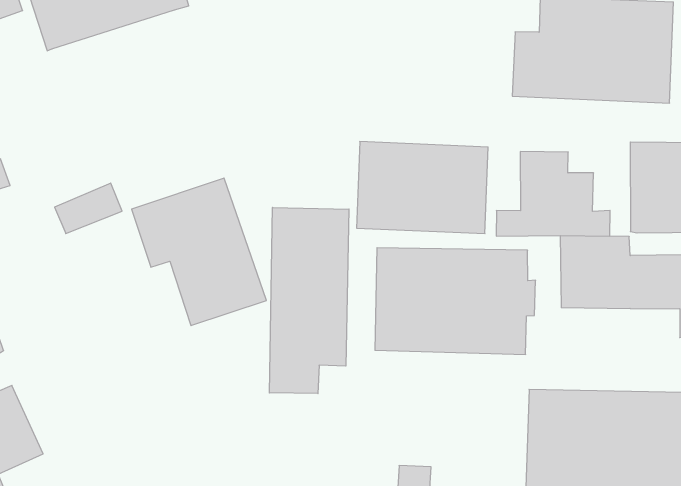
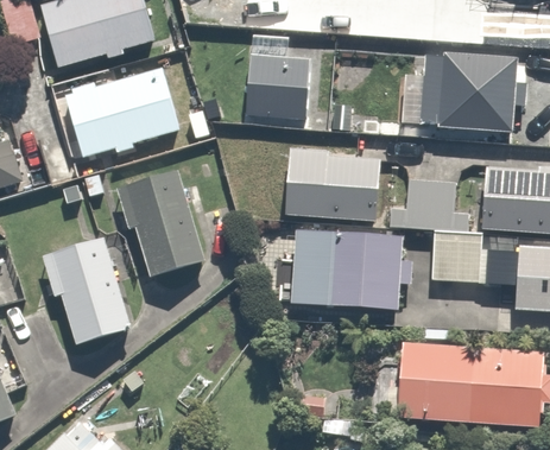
building: none -> [244,50,312,118]
building: none -> [34,66,181,179]
building: [269,207,349,394] -> none
building: none -> [42,236,125,344]

